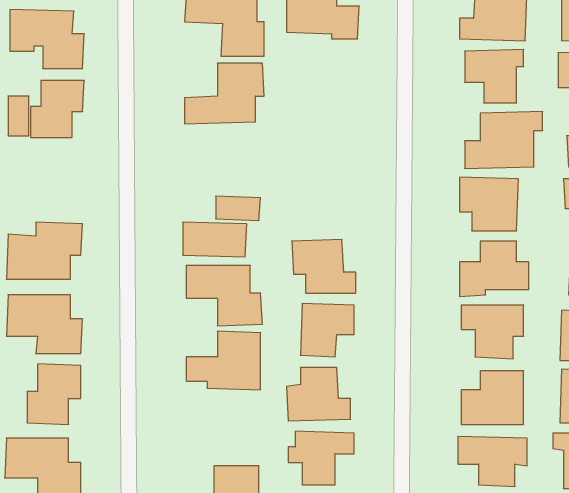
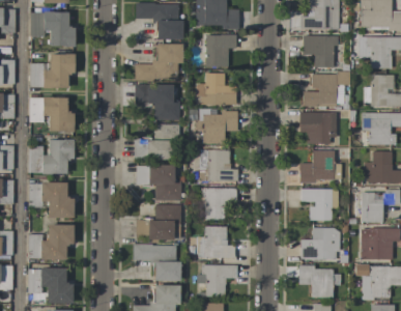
building: none -> [206,34,237,67]
building: none -> [199,74,237,105]
building: none -> [136,84,181,120]
building: none -> [30,96,75,132]
building: none -> [200,109,238,143]
building: none -> [134,245,181,281]

